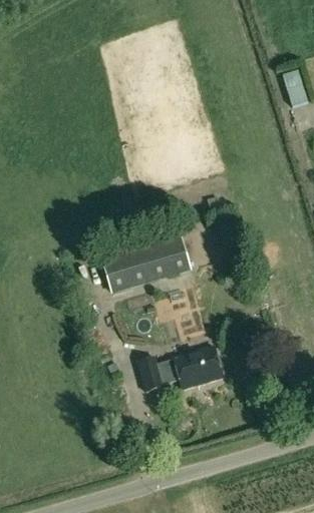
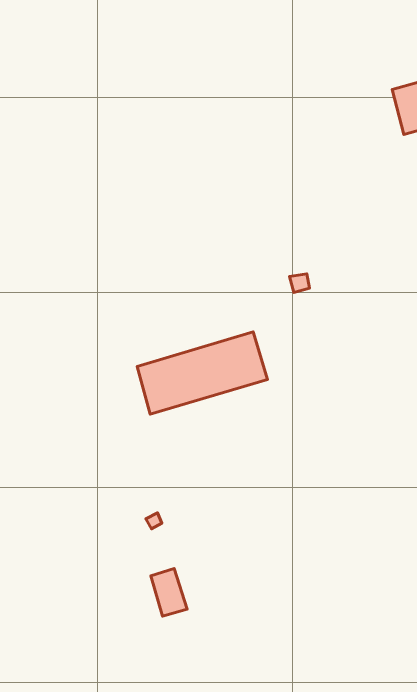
building: [175,345,224,388] -> none
building: [139,356,165,389] -> [151,568,187,616]

